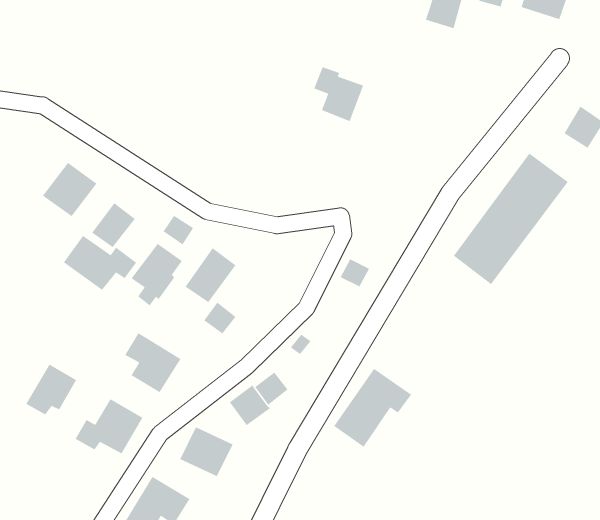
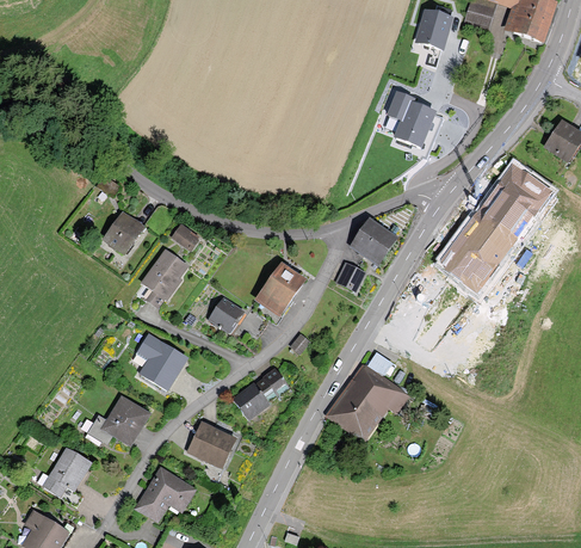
building: [313,66,364,122] -> [388,92,435,144]
building: [42,162,98,217] -> none
building: none -> [348,216,397,265]
building: [63,235,137,291] -> none
building: [184,247,237,303] -> [255,261,304,314]
building: [25,363,77,416] -> [42,447,91,495]

